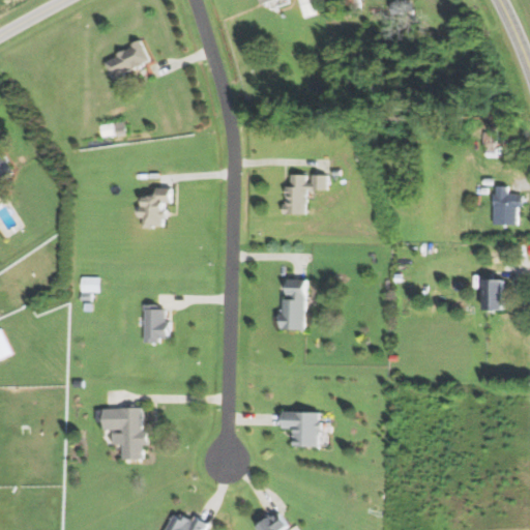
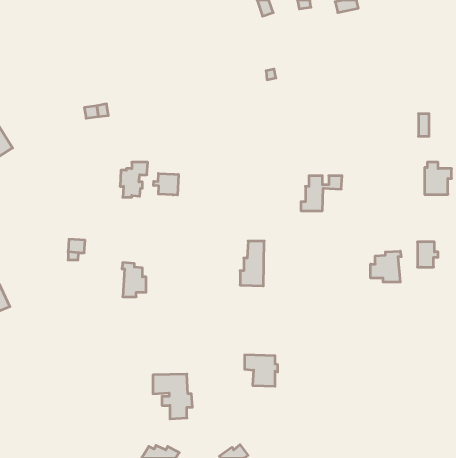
building: [104,38,149,83] -> none
building: [279,174,327,214] -> [301,176,342,211]
building: none -> [154,173,178,195]
building: none -> [371,251,401,282]
building: [101,407,147,459] -> [153,374,192,419]

